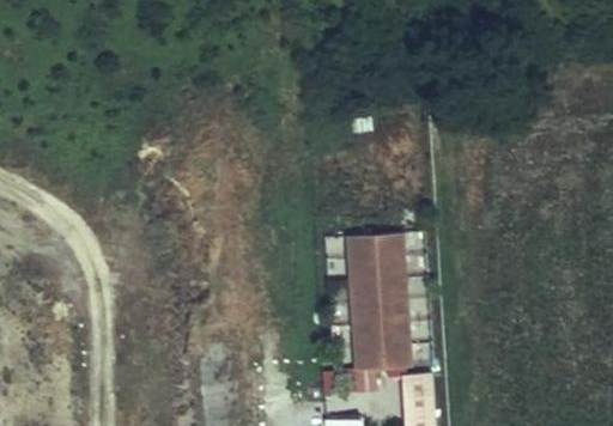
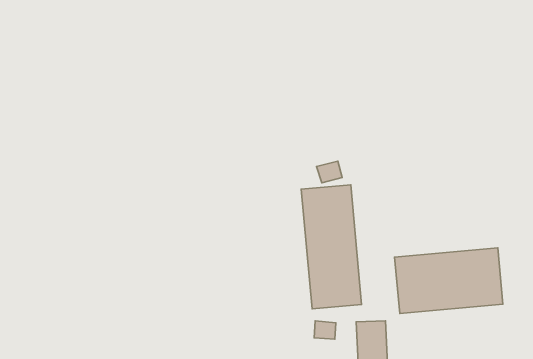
building: none -> [395,248,503,313]

